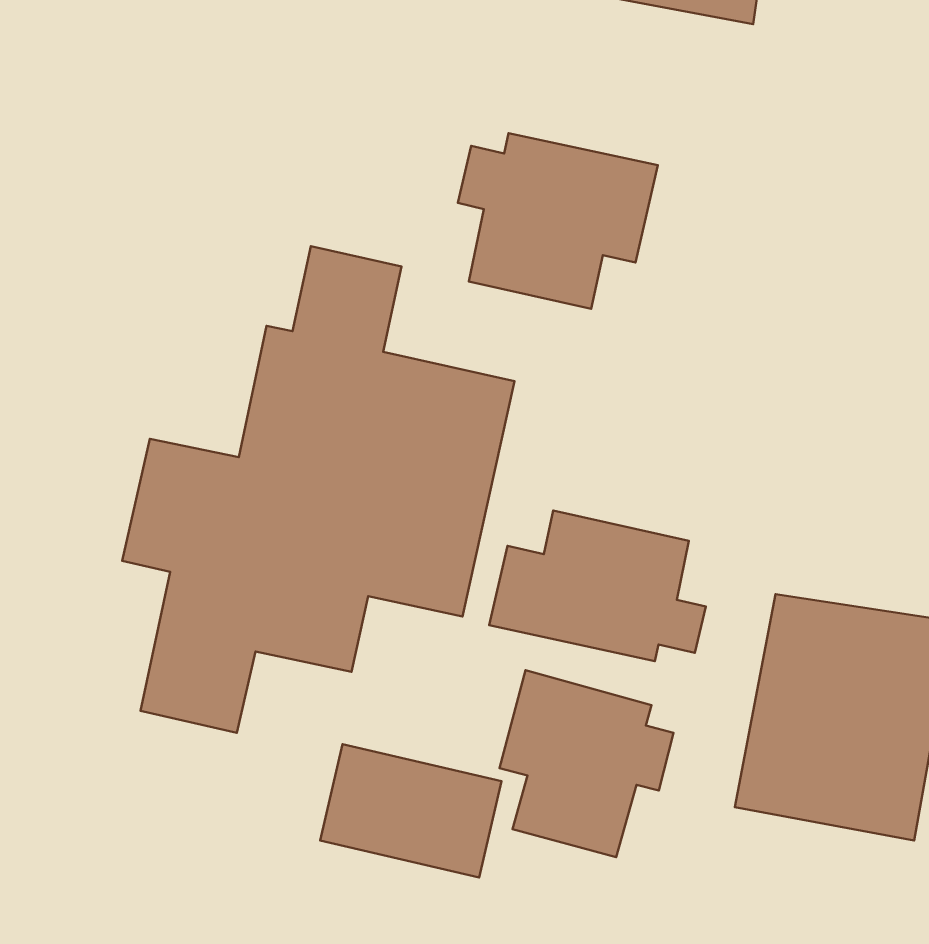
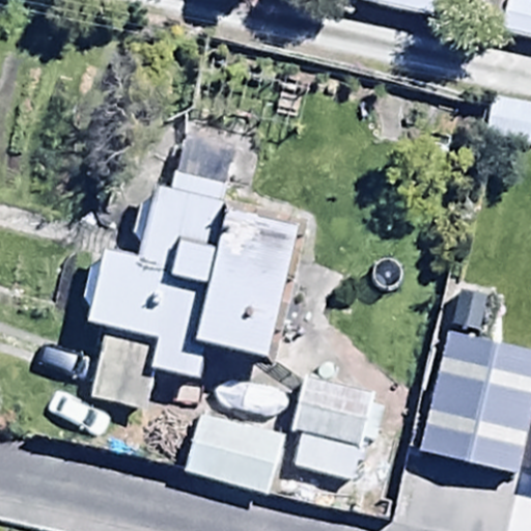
building: [458,133,658,309] -> none
building: [489,510,706,661] -> none

